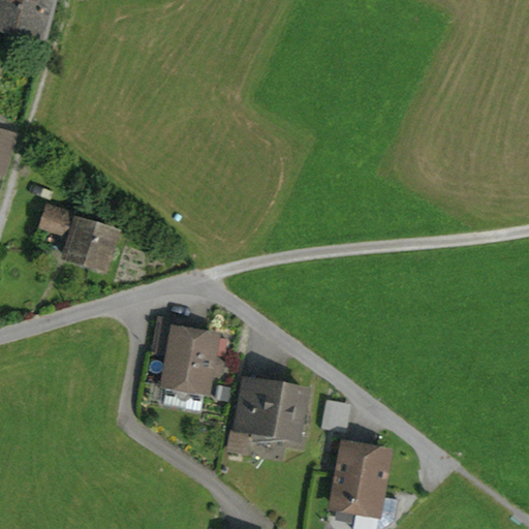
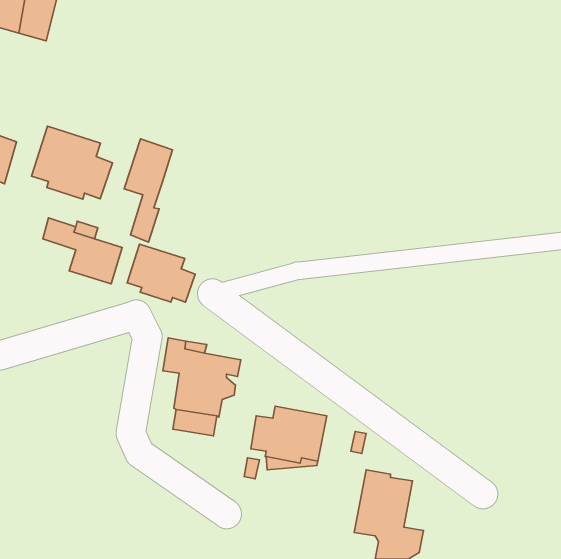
building: none -> [32,126,113,199]
building: none -> [124,139,173,242]
building: none -> [127,244,195,302]

